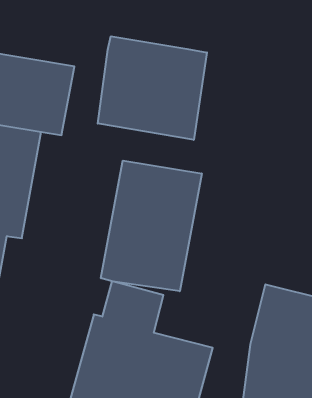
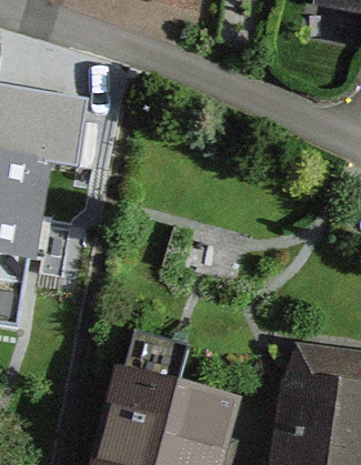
building: [98,36,207,140] -> none
building: [101,161,202,291] -> none

